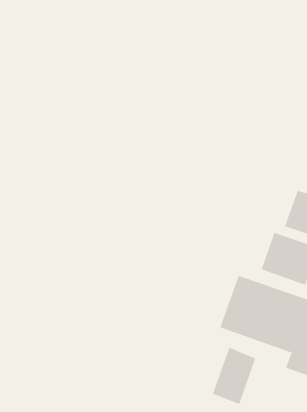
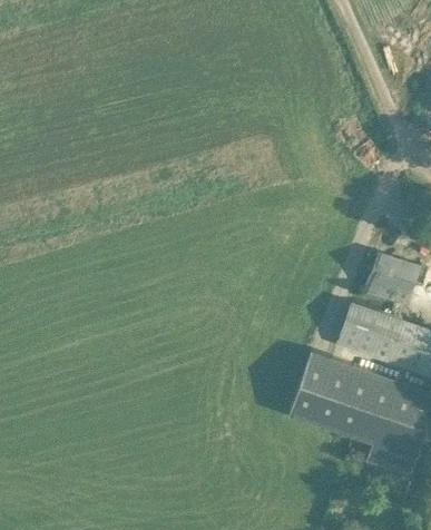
building: [212,347,256,405] -> none

